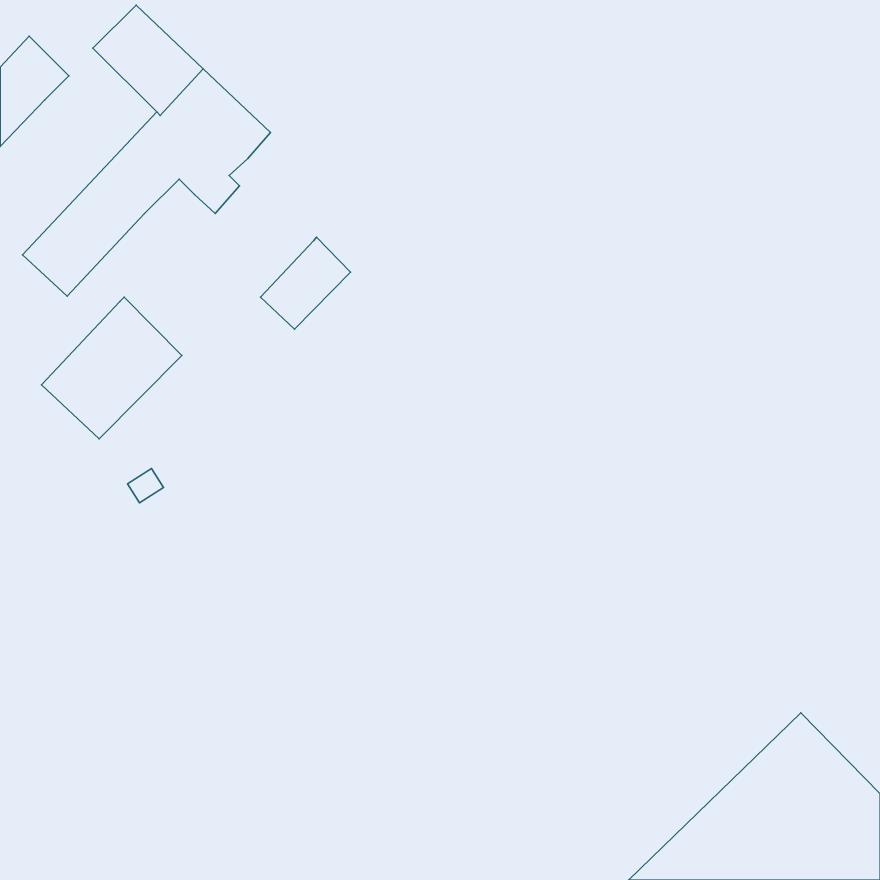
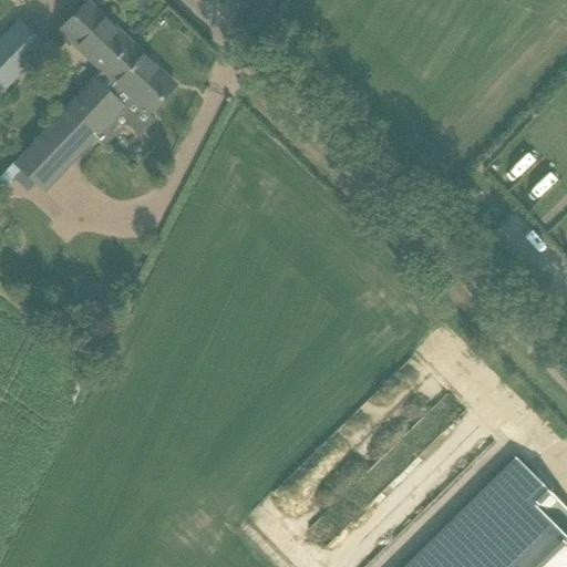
building: [260,237,351,329] -> none
building: [42,297,182,439] -> none

